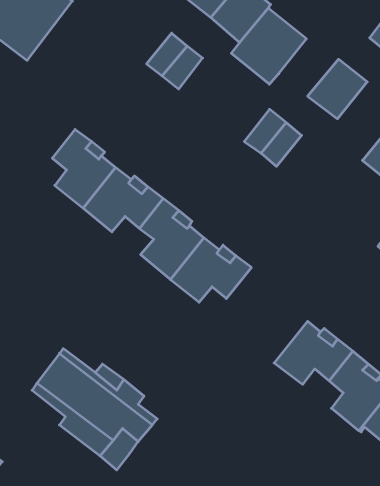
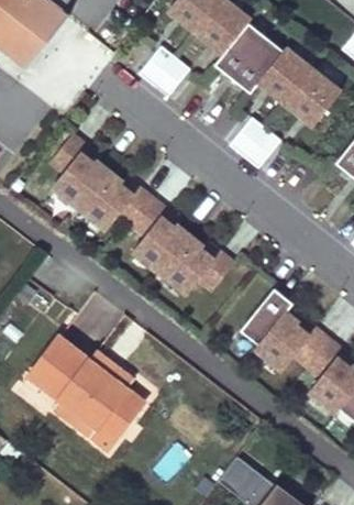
building: none -> [258,46,313,102]
building: none -> [239,287,291,349]

